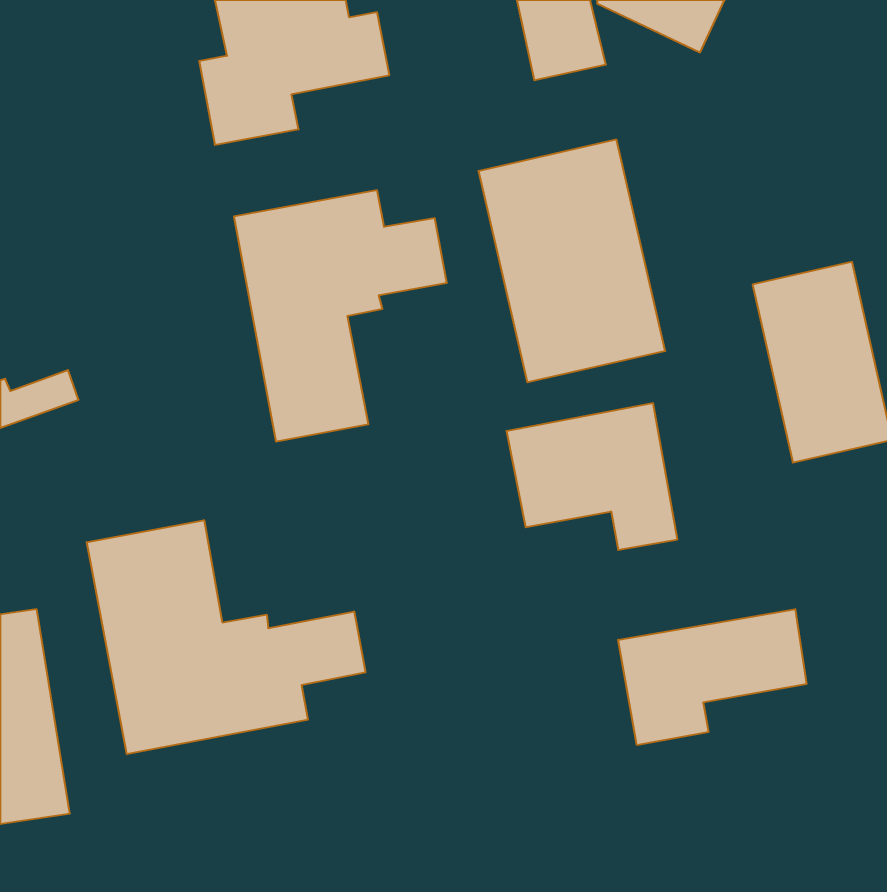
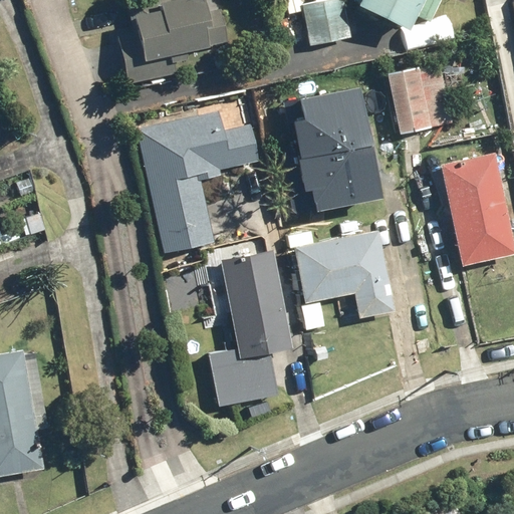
building: none -> [383,63,454,135]
building: none -> [211,248,292,405]
building: [87,520,365,754] -> none
building: [618,609,806,745] -> none

